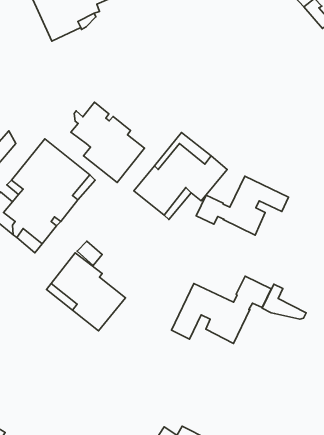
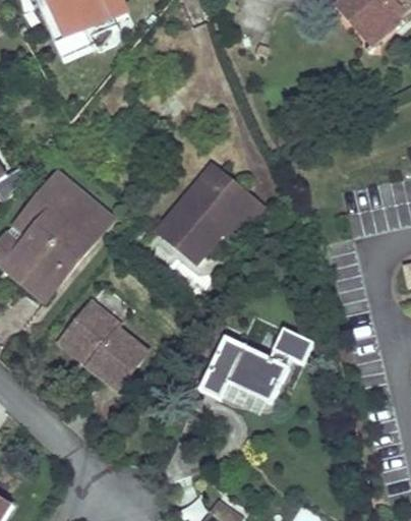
building: [71,102,145,182] -> none
building: [196,176,289,235] -> none
building: [262,284,306,319] -> [220,370,270,410]

